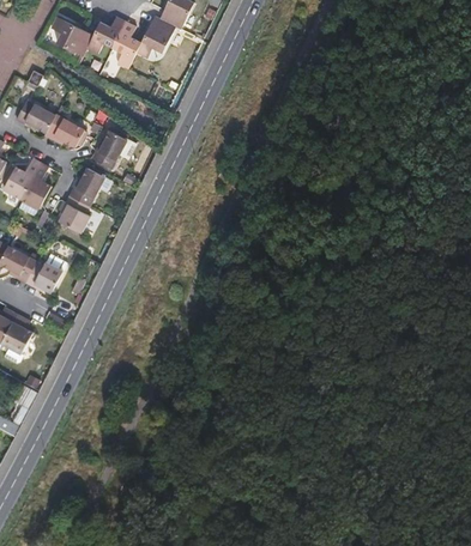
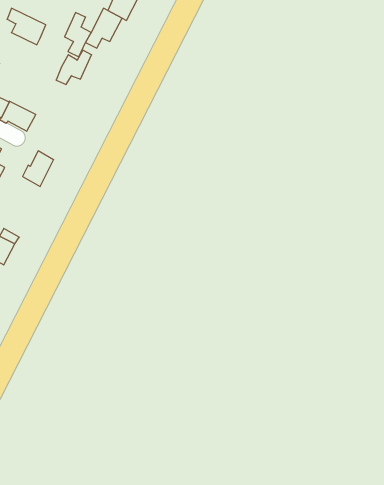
building: [86,16,125,53] -> [56,50,92,85]
building: [90,132,123,170] -> none
building: [56,198,86,233] -> none

